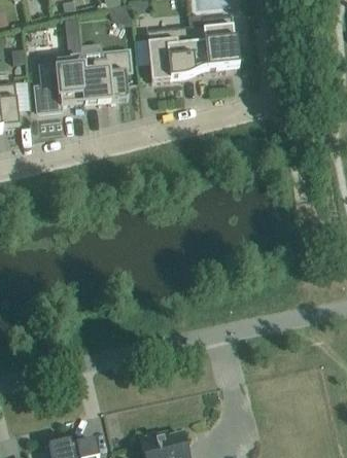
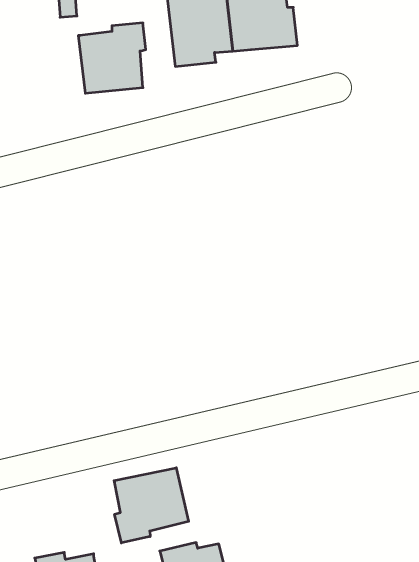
building: [36,57,85,110] -> none
building: none -> [114,468,189,543]

